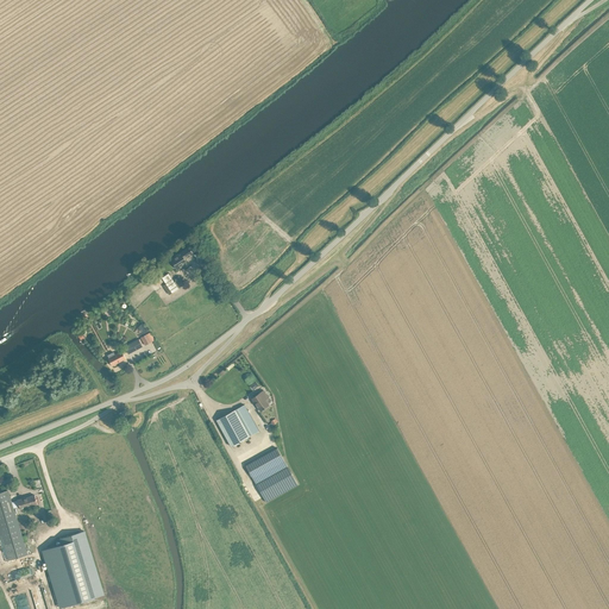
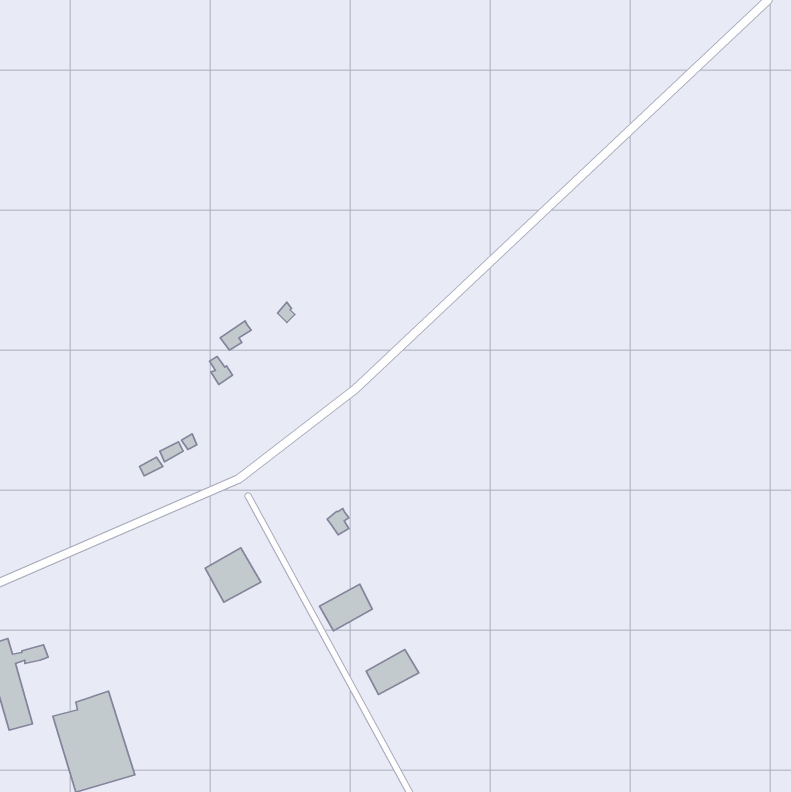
building: [215,404,258,446] -> [205,548,261,602]
building: [256,467,296,502] -> [366,649,419,694]

